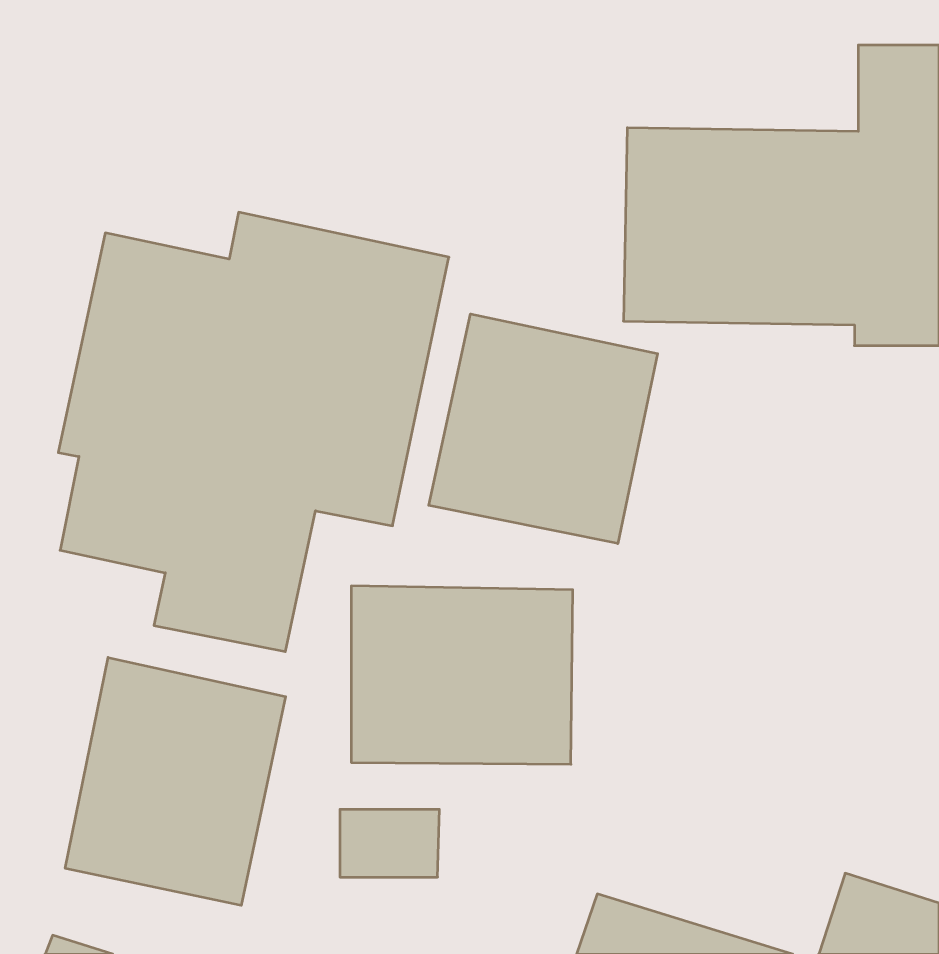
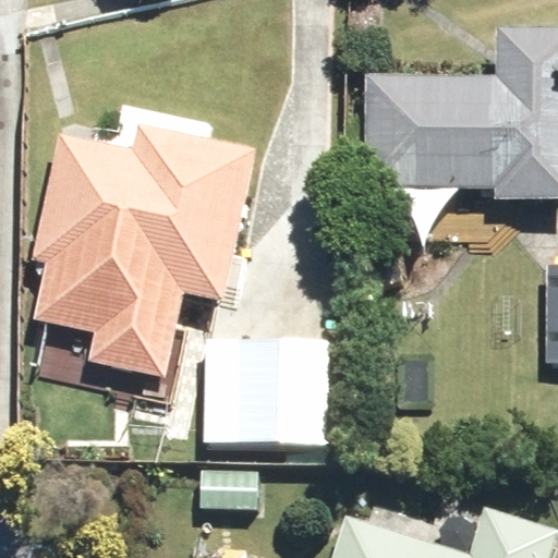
building: [429,314,658,544] -> none
building: [65,657,286,905] -> none

